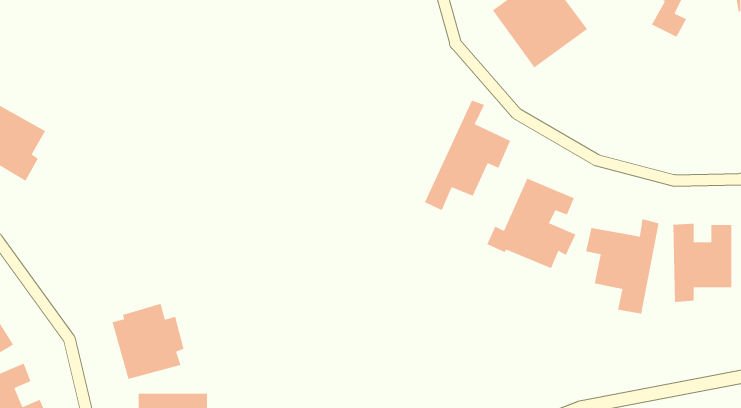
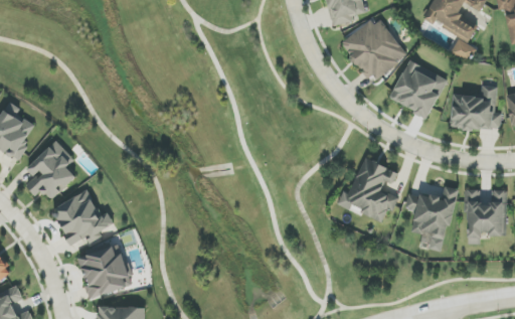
building: none -> [389,59,447,117]
building: none -> [450,85,501,130]
building: [424,99,511,211] -> none
building: none -> [25,140,75,199]
building: none -> [50,189,113,245]

